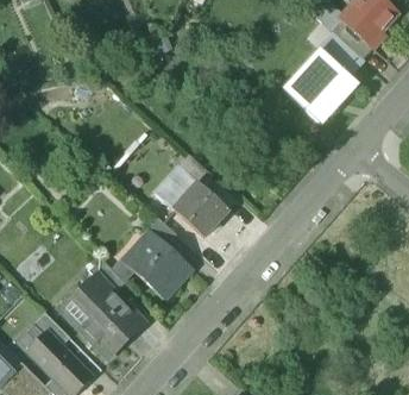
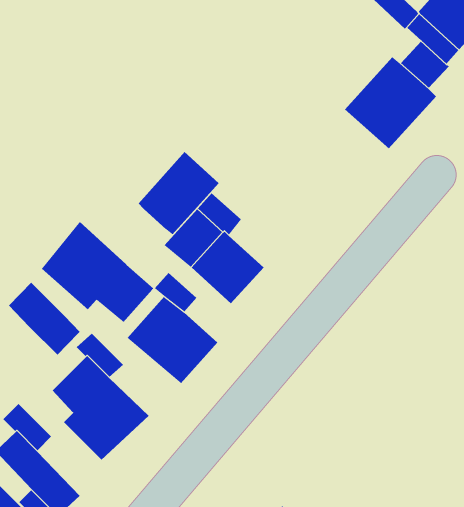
building: none -> [138,151,219,235]
building: none -> [41,221,154,323]
building: none -> [8,282,80,356]

